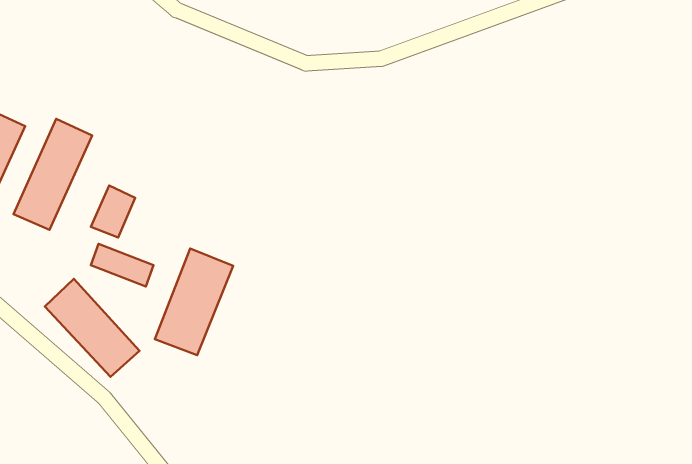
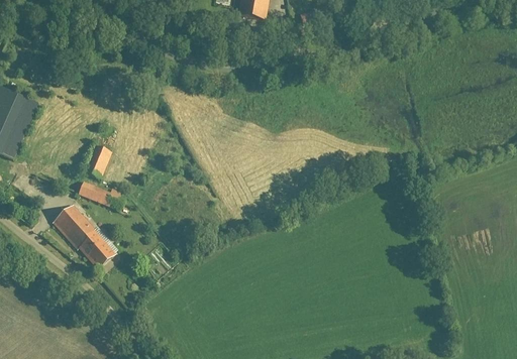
building: [14,119,92,230] -> none
building: [155,248,233,355] -> none

